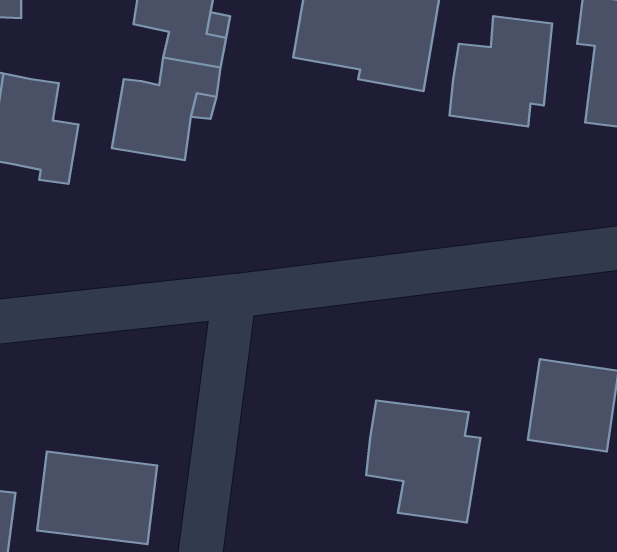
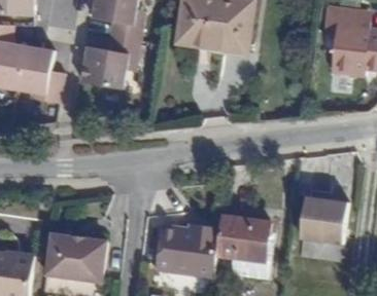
building: [449,16,552,126] -> none
building: none -> [152,230,216,282]

